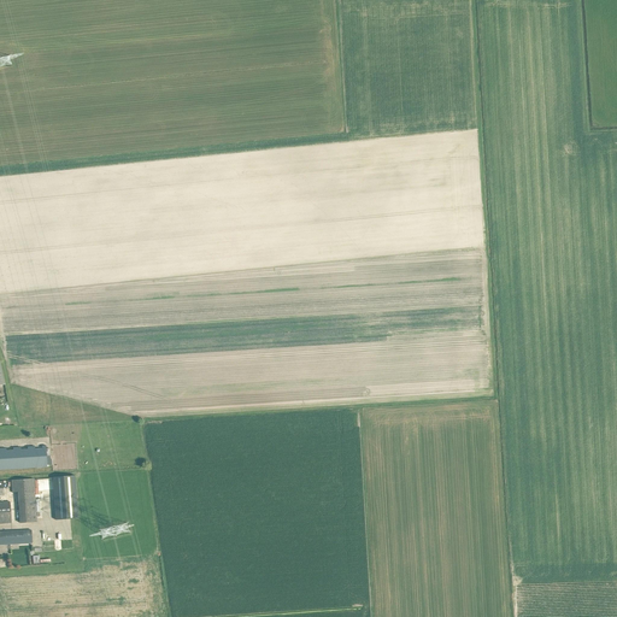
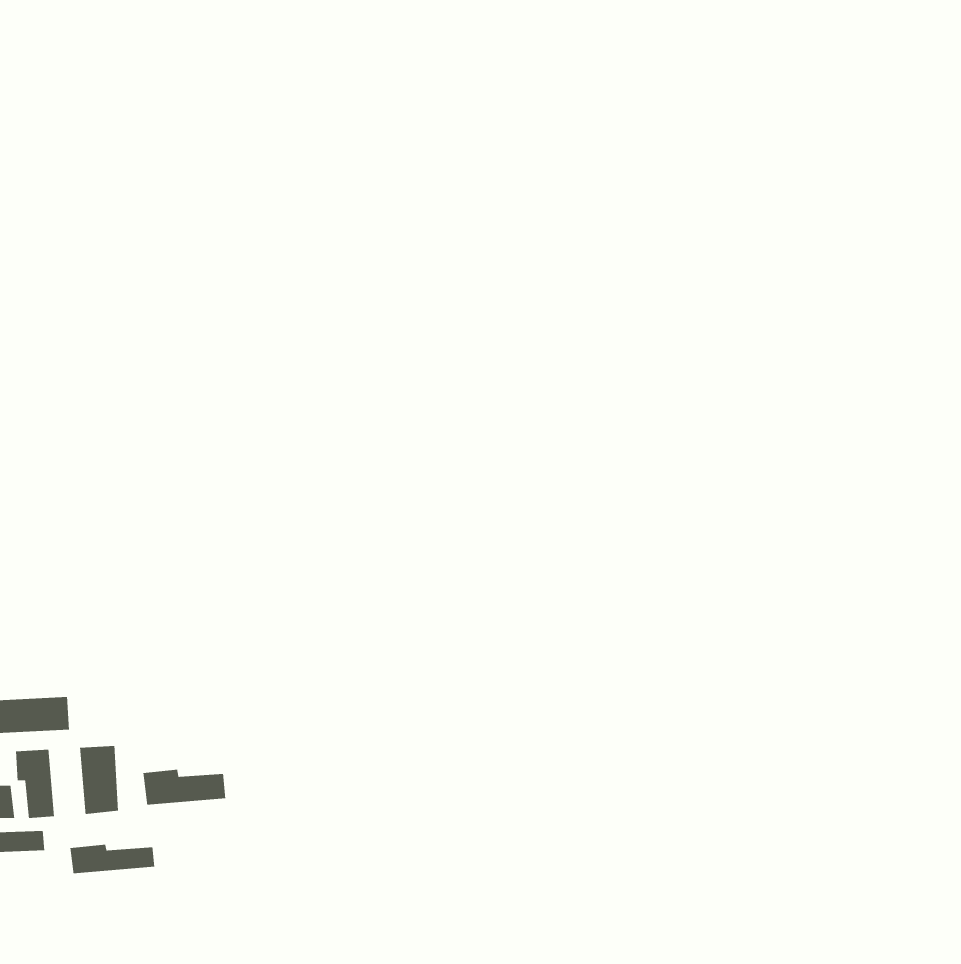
building: none -> [143,769,226,805]
building: none -> [69,844,155,874]

